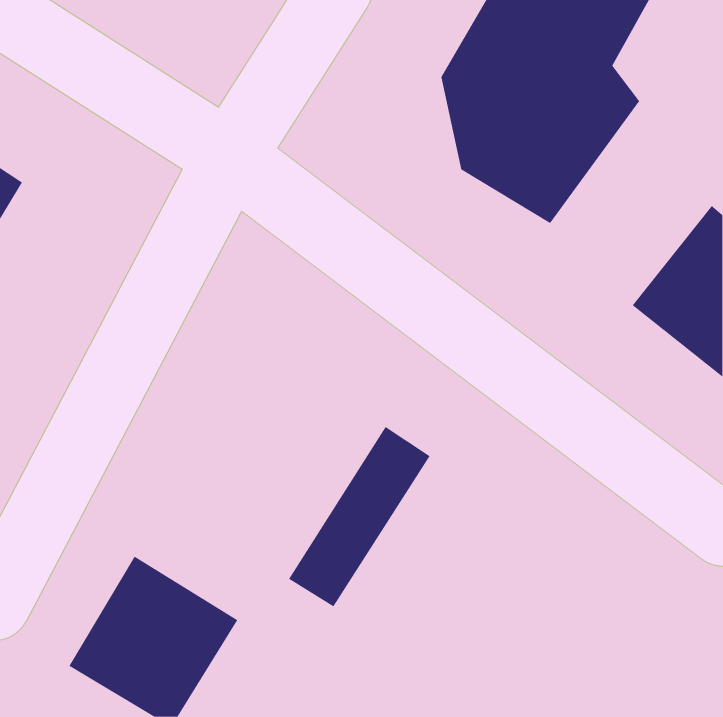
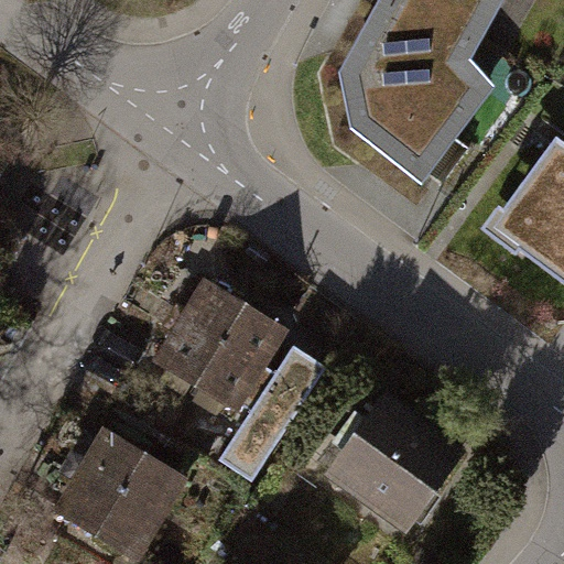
building: none -> [156,281,288,414]
building: none -> [321,402,457,532]

